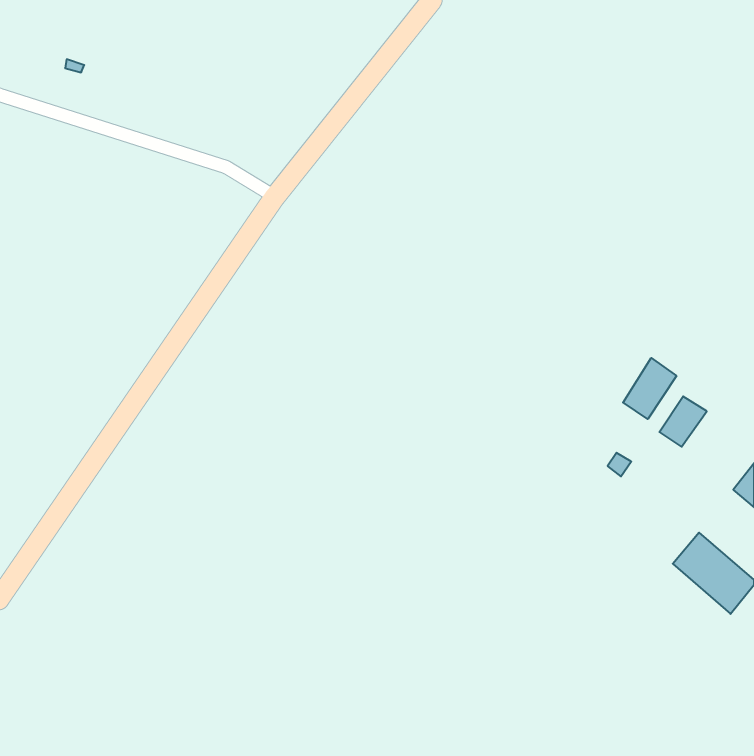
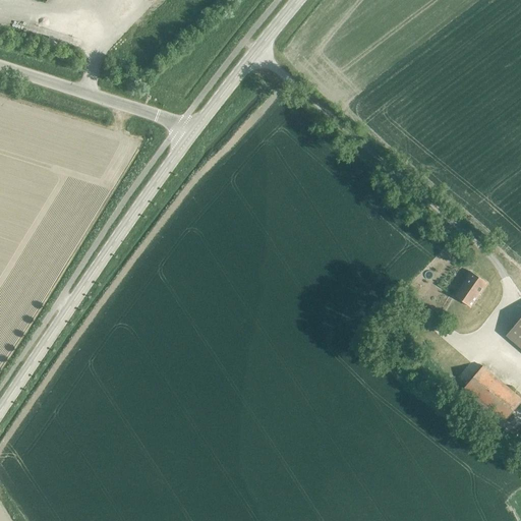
building: [623,358,676,419] -> none

